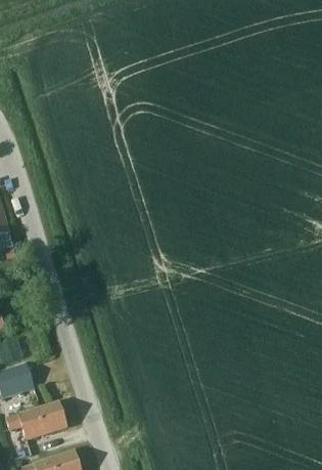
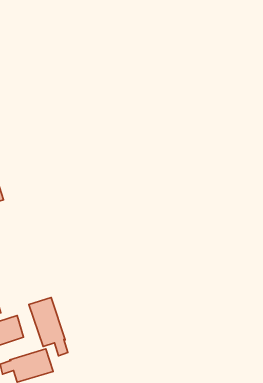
building: none -> [29,298,68,356]

